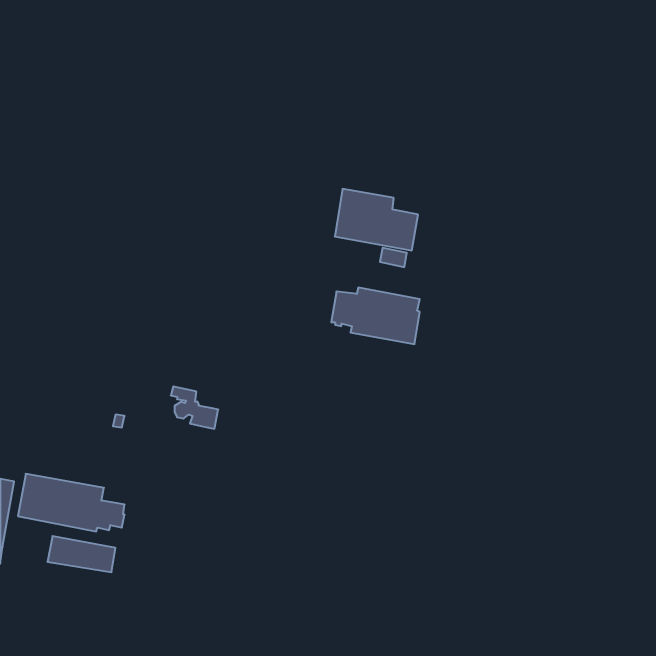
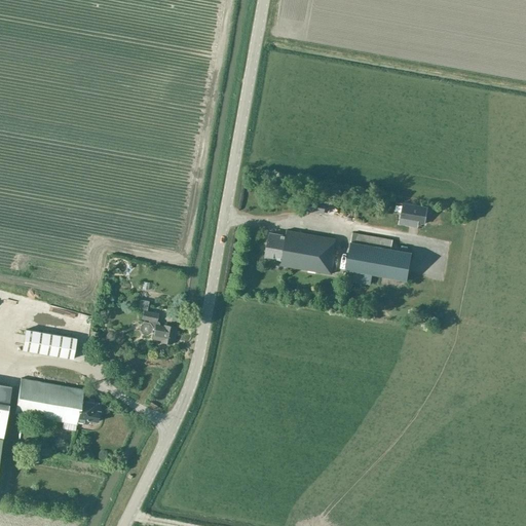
building: [335,189,418,250] -> [345,232,412,281]
building: none -> [399,203,424,225]
building: [47,536,115,572] -> [22,330,76,359]

